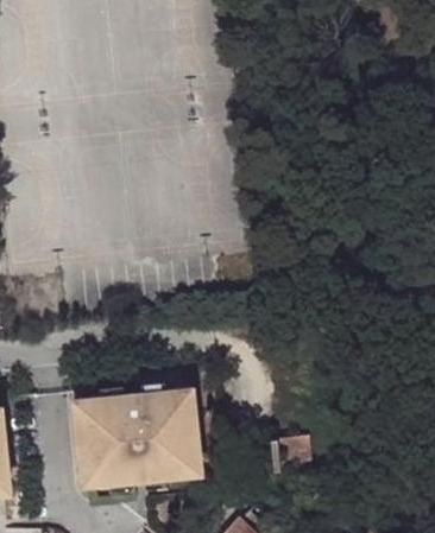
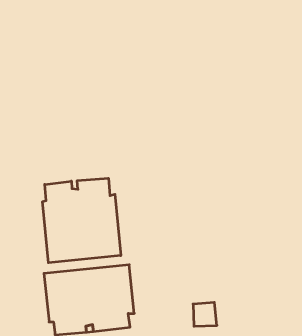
building: none -> [43,178,121,263]

